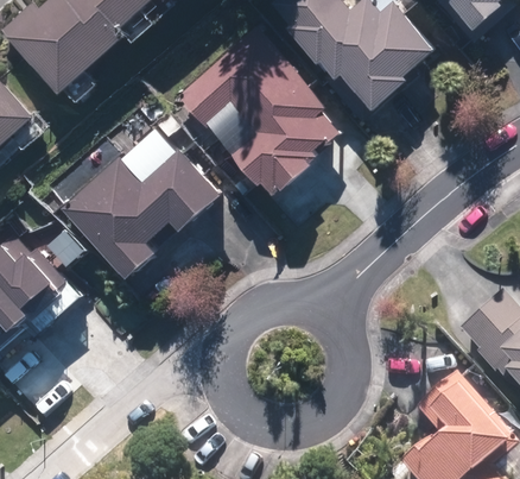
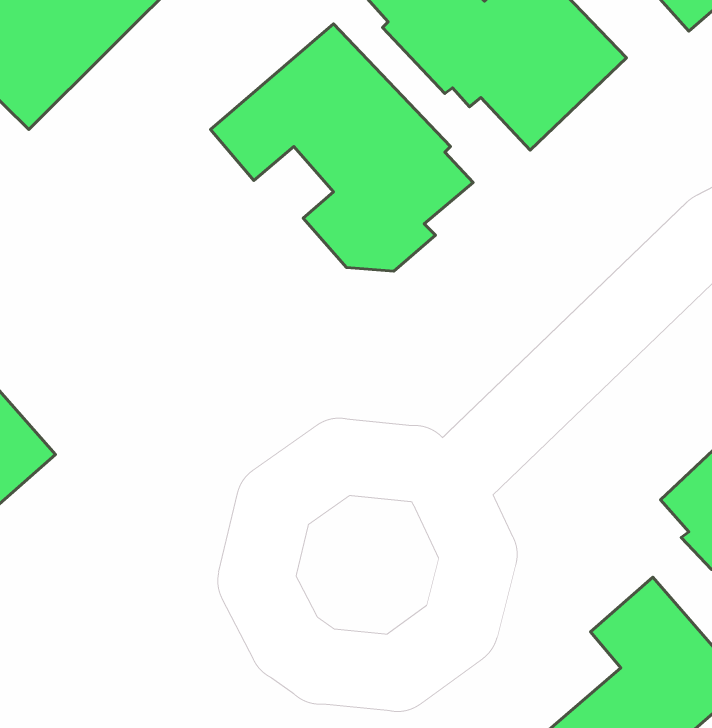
building: [57,128,221,279] -> none

